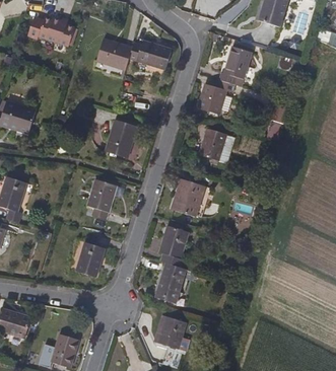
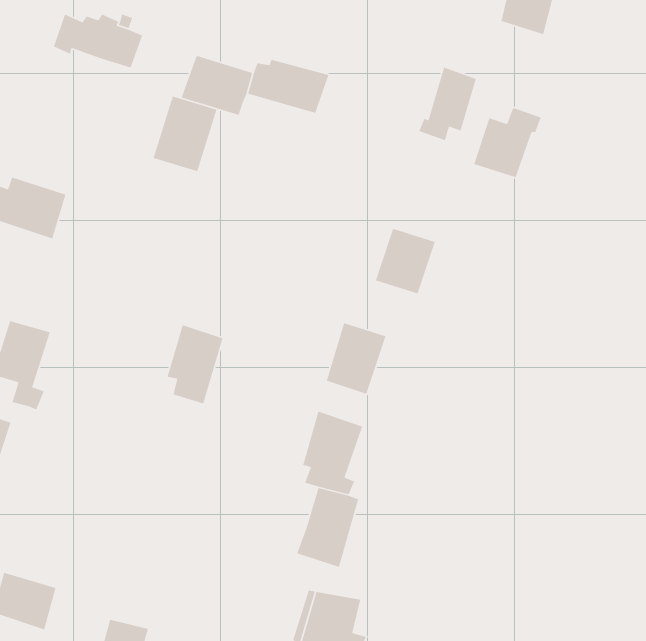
building: [196,79,231,116] -> [473,107,542,178]
building: [105,120,138,159] -> [153,96,217,172]
building: [76,241,107,277] -> none

